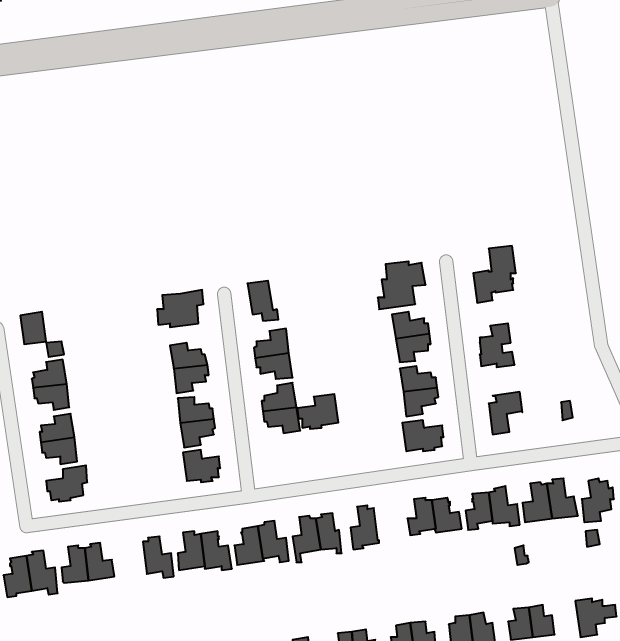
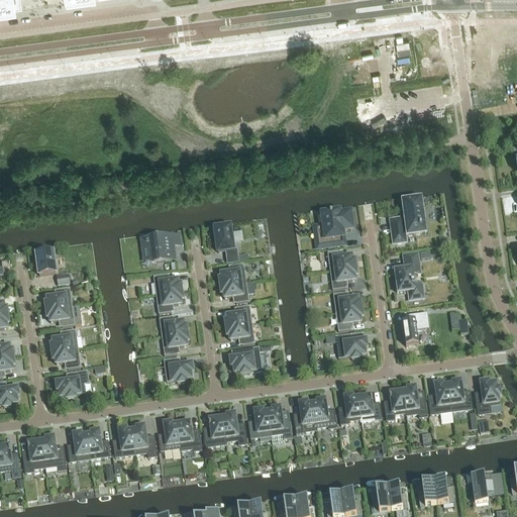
building: [297,394,338,429] -> [230,343,263,371]
building: none -> [313,396,336,425]
building: none -> [114,425,135,454]

